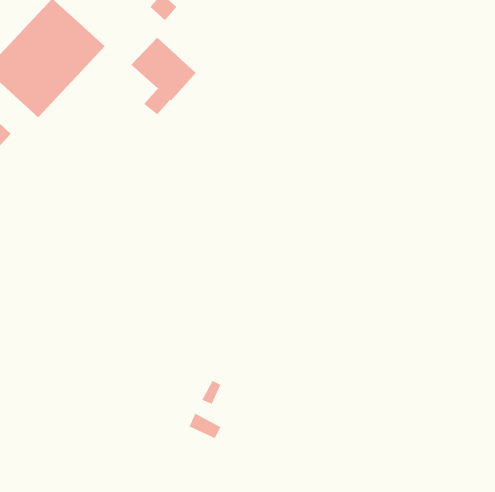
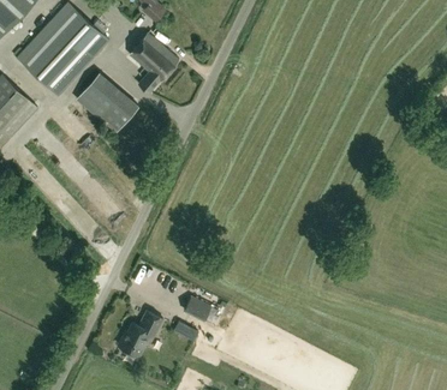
building: none -> [78,73,138,132]
building: none -> [120,311,165,356]

